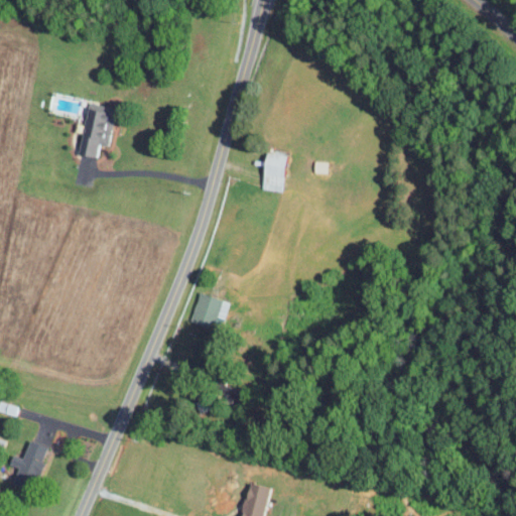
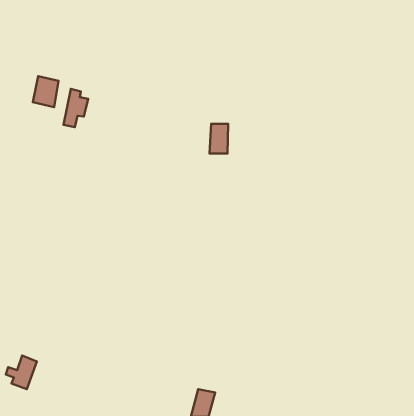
building: none -> [33,76,59,107]
building: [191,293,230,332] -> none

